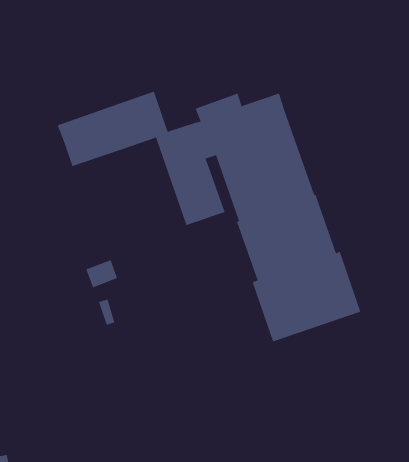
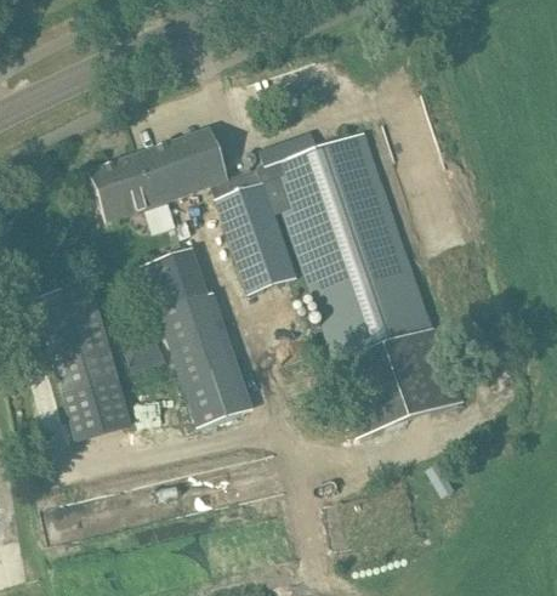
building: none -> [143,244,241,425]
building: none -> [34,279,126,441]

